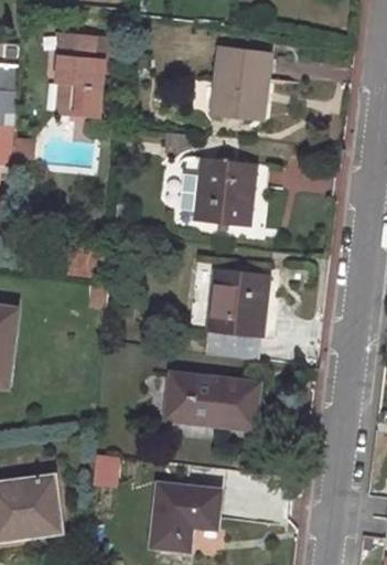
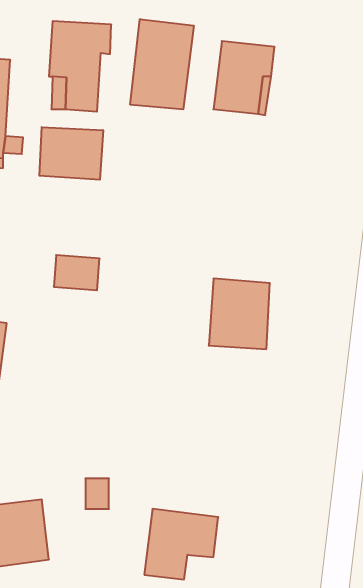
building: none -> [130,19,194,109]
building: none -> [39,127,103,180]
building: [196,157,258,225] -> none
building: [166,372,257,431] -> none

